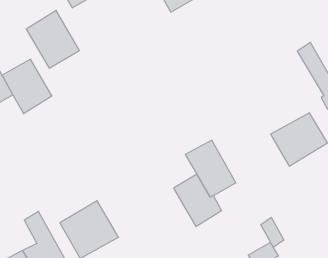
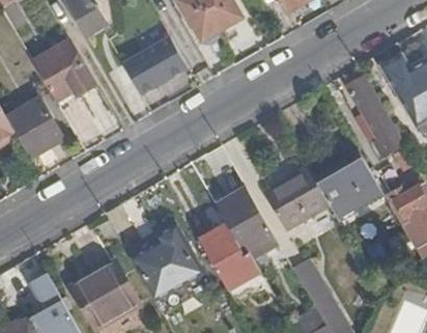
building: none -> [121,31,194,95]
building: none -> [266,169,331,232]
building: none -> [131,223,203,300]

